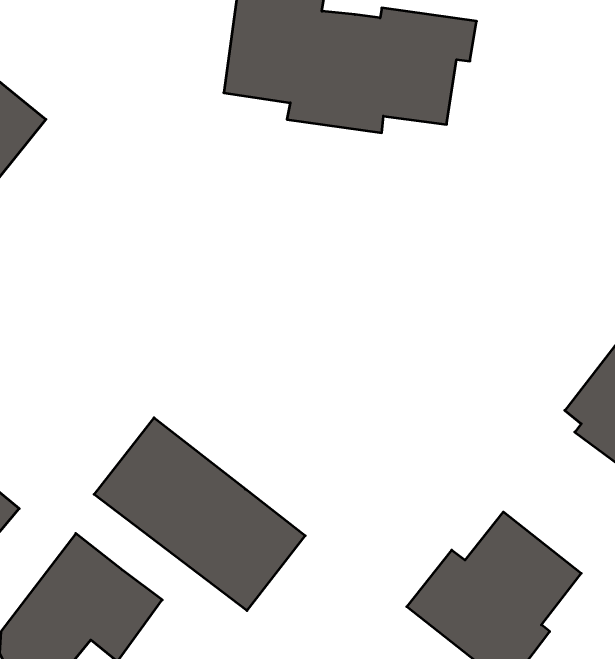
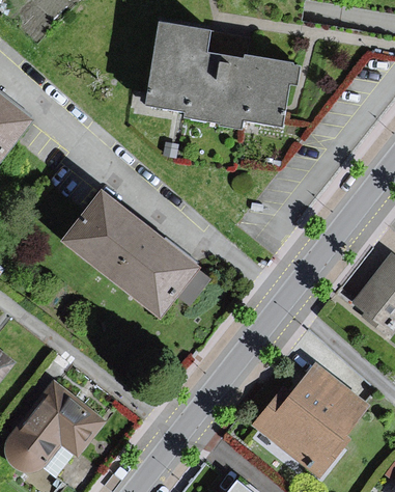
building: [94,418,305,611] -> [65,194,197,315]

